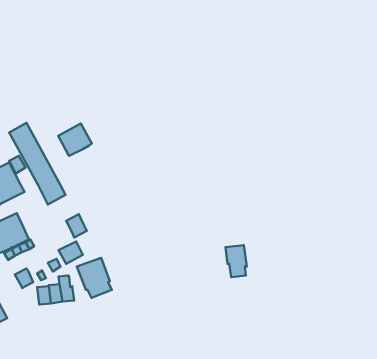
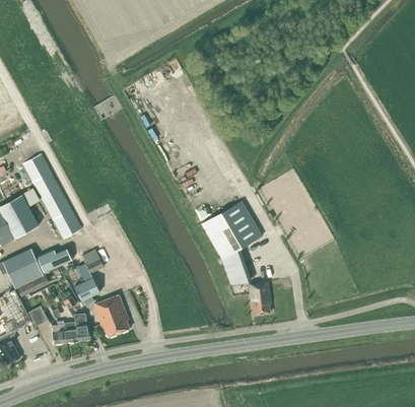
building: [58,124,92,156] -> none
building: none -> [201,200,262,284]
building: none -> [37,249,72,272]

